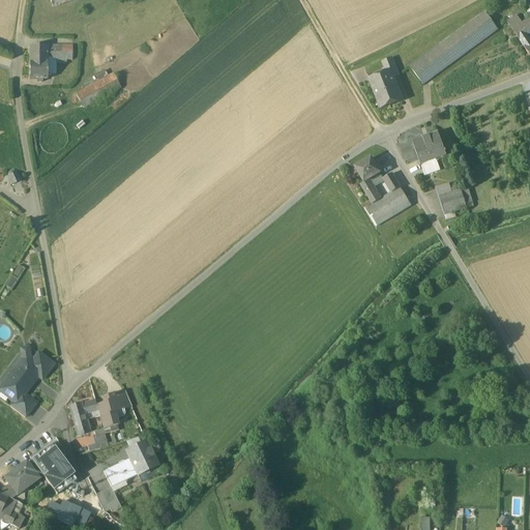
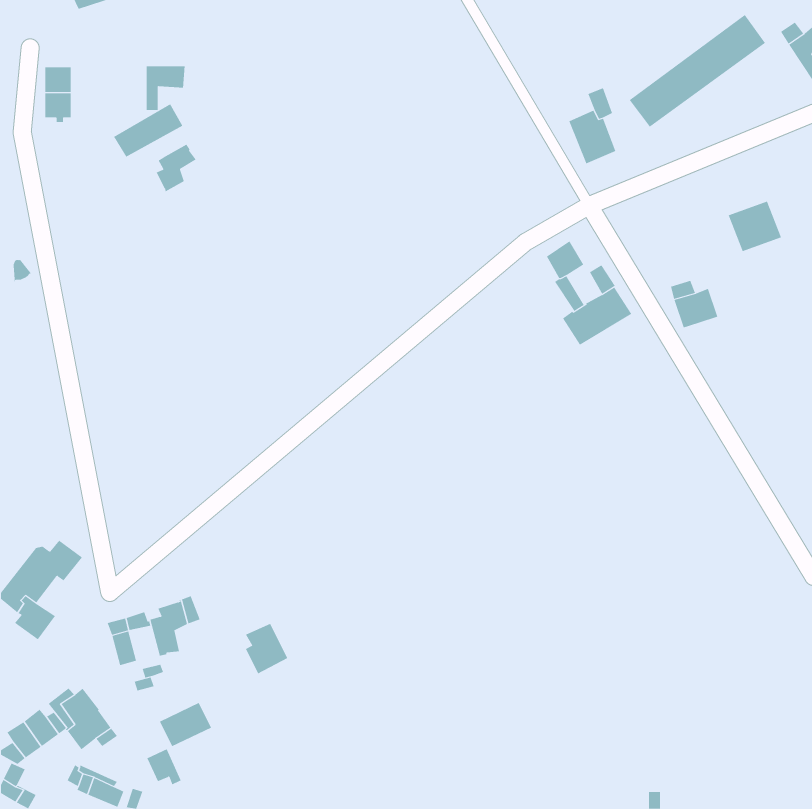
building: [48,43,73,72] -> [146,66,186,110]
building: none -> [156,144,196,192]
building: [413,130,448,164] -> [728,201,782,252]
building: [130,440,158,473] -> [245,623,288,674]

